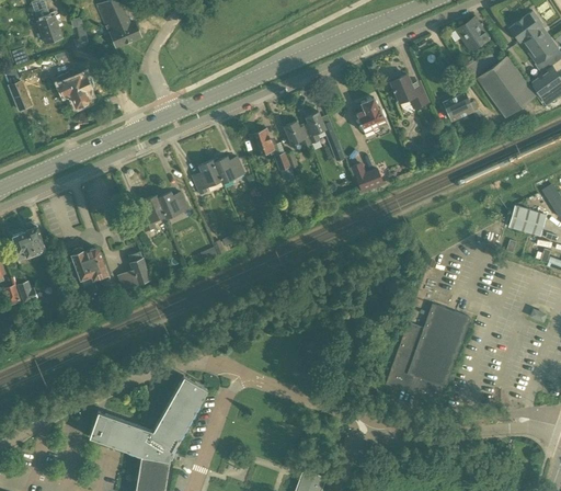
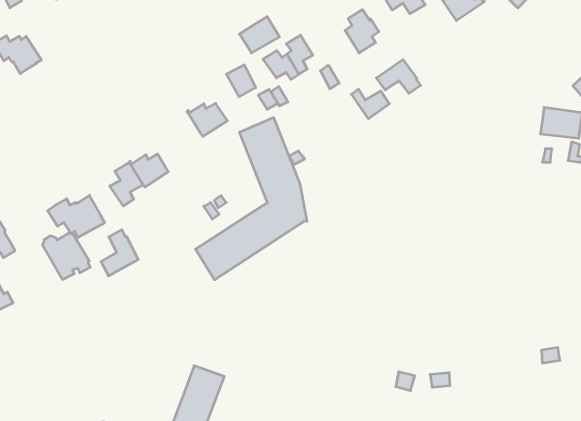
building: none -> [239,17,279,53]
building: none -> [376,60,421,93]
building: [193,161,220,195] -> none
building: none -> [195,118,307,280]
building: none -> [48,195,105,238]
building: [386,304,471,404] -> none

